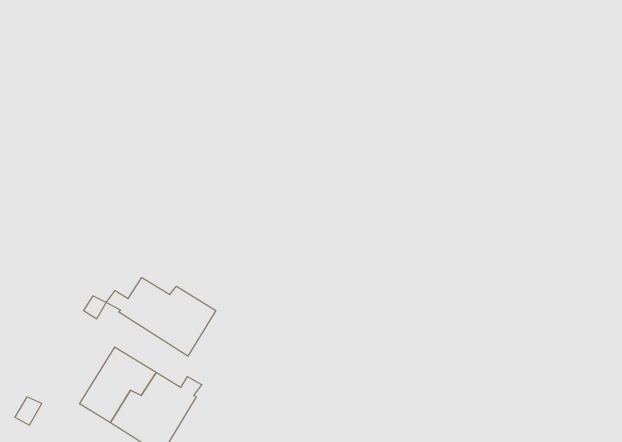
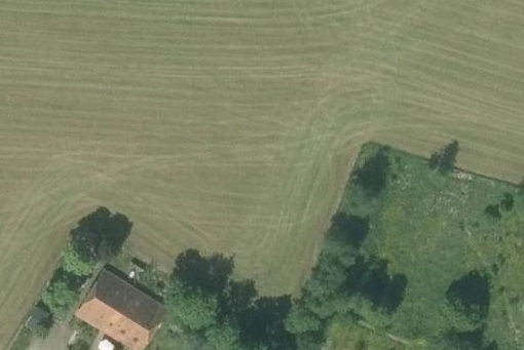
building: [106,278,216,356] -> none

